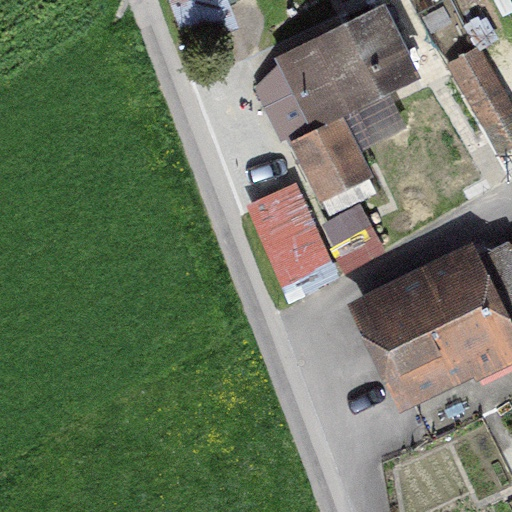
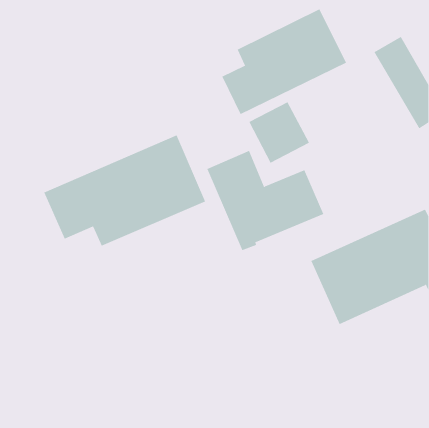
building: none -> [44,134,206,247]

